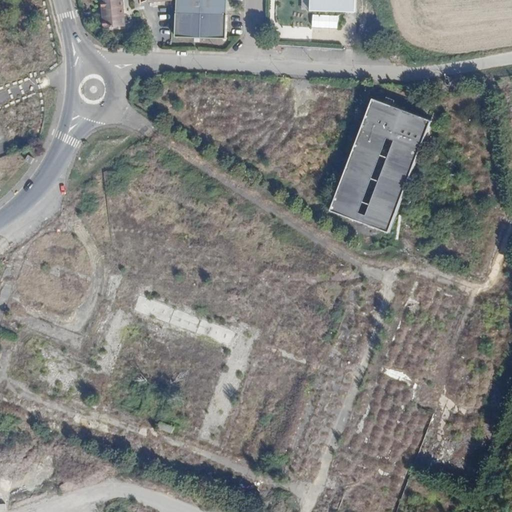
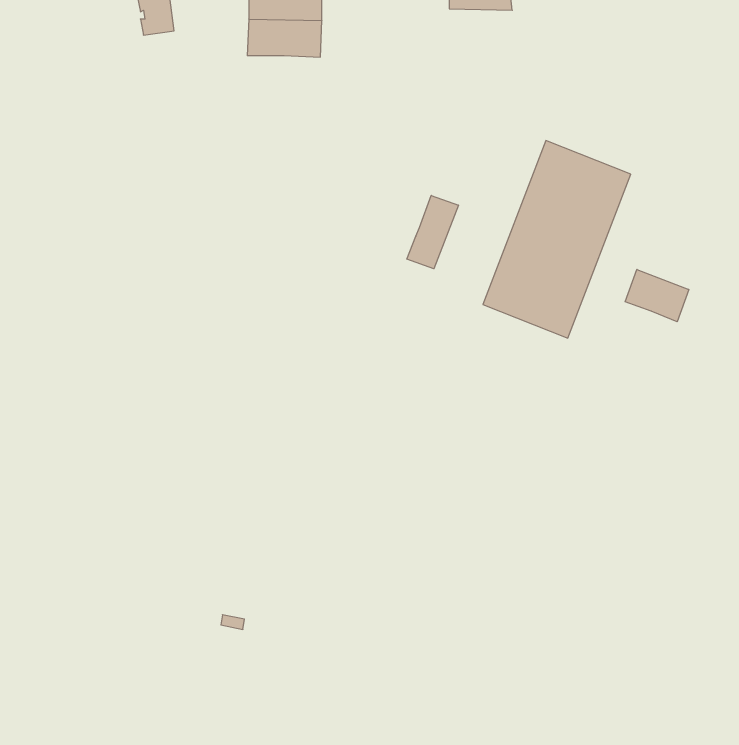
building: none -> [407,195,458,269]
building: none -> [625,269,689,322]

